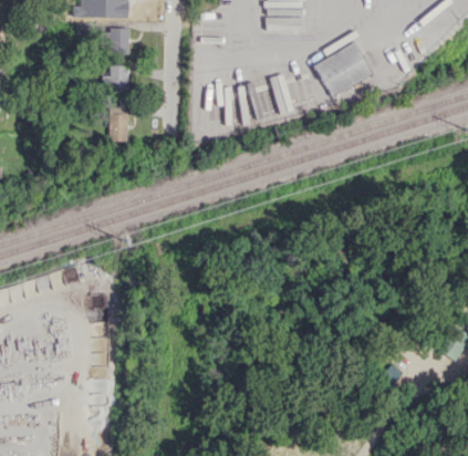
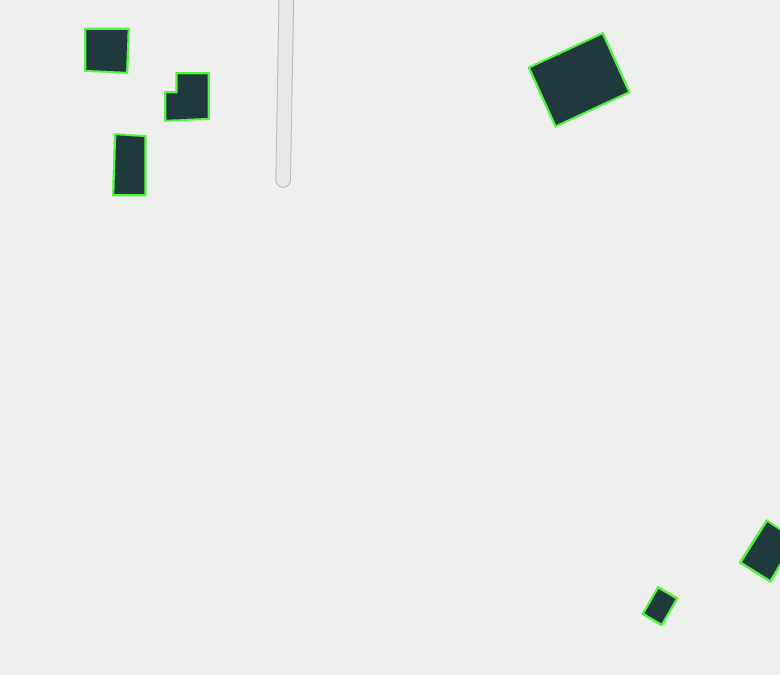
building: [104,29,129,54] -> [85,29,129,73]
building: [108,105,127,141] -> [113,134,146,195]

